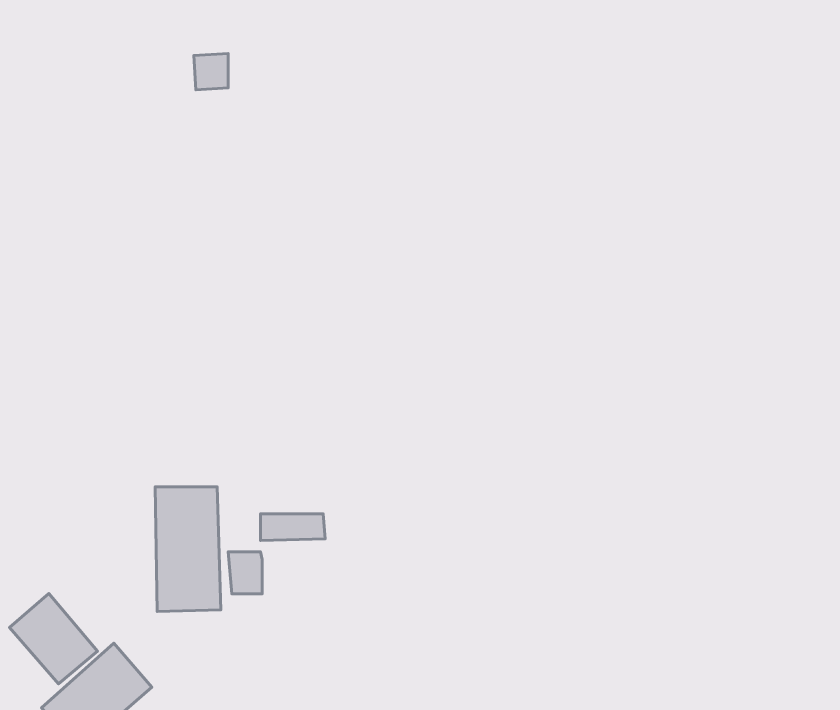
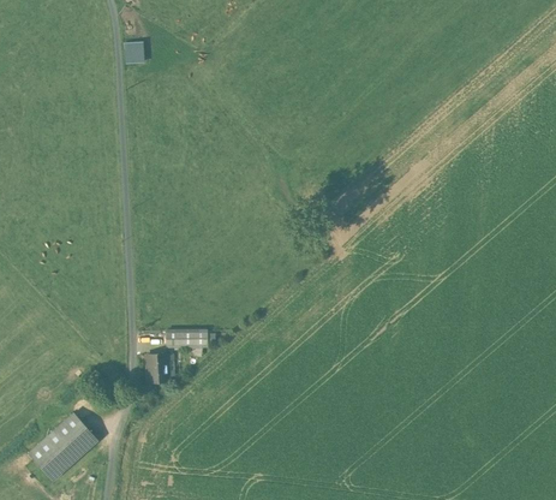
building: [155,487,221,612] -> none
building: [9,593,97,684] -> none

